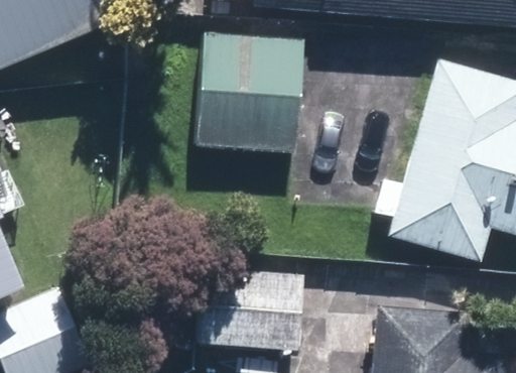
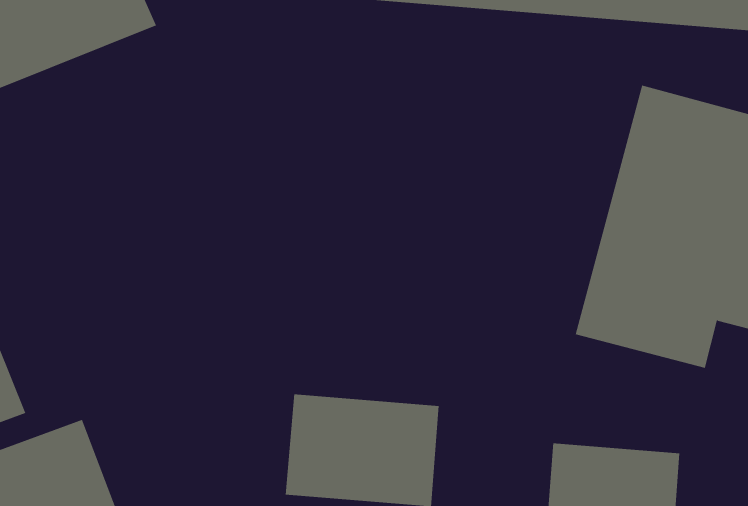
building: [196,34,300,151] -> none

